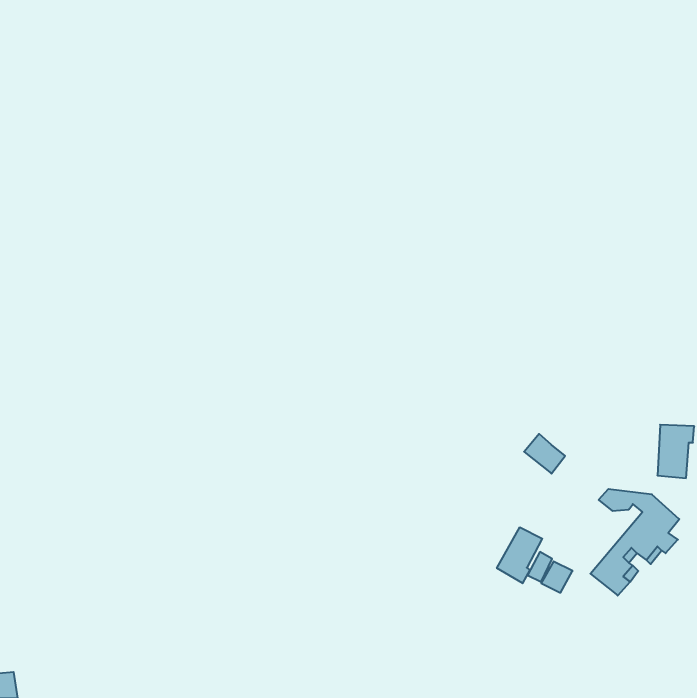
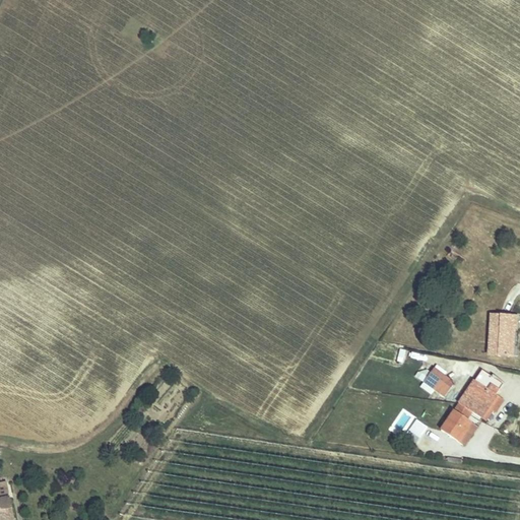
building: [524,434,565,474] -> [425,364,455,393]
building: [497,527,542,583] -> none

